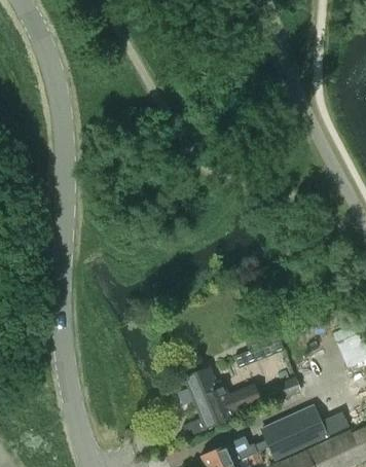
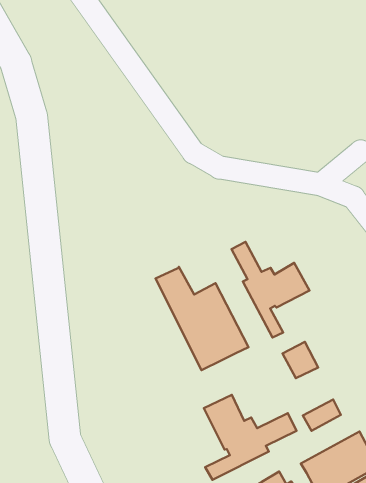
building: none -> [231,242,309,337]
building: none -> [155,267,249,370]

